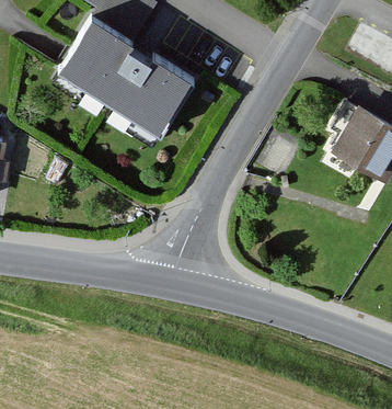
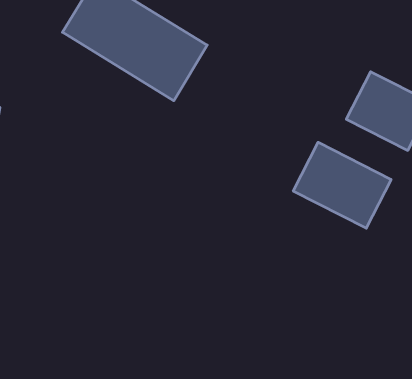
building: none -> [293,142,391,228]

